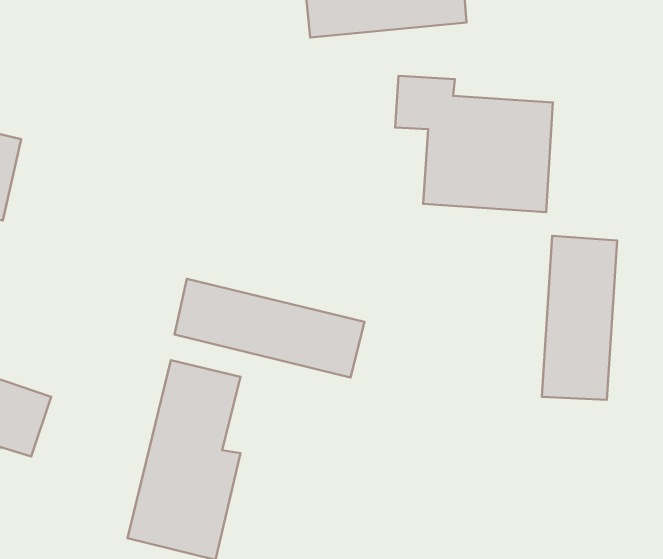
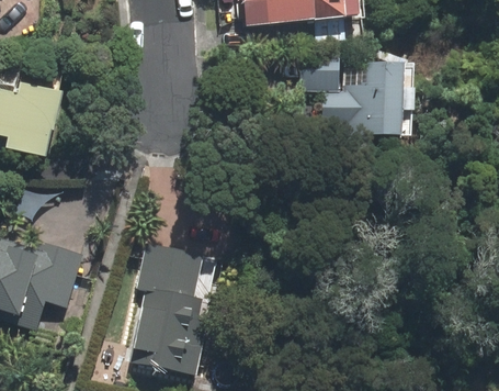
building: [542,236,617,400] -> none
building: [175,279,365,378] -> none

